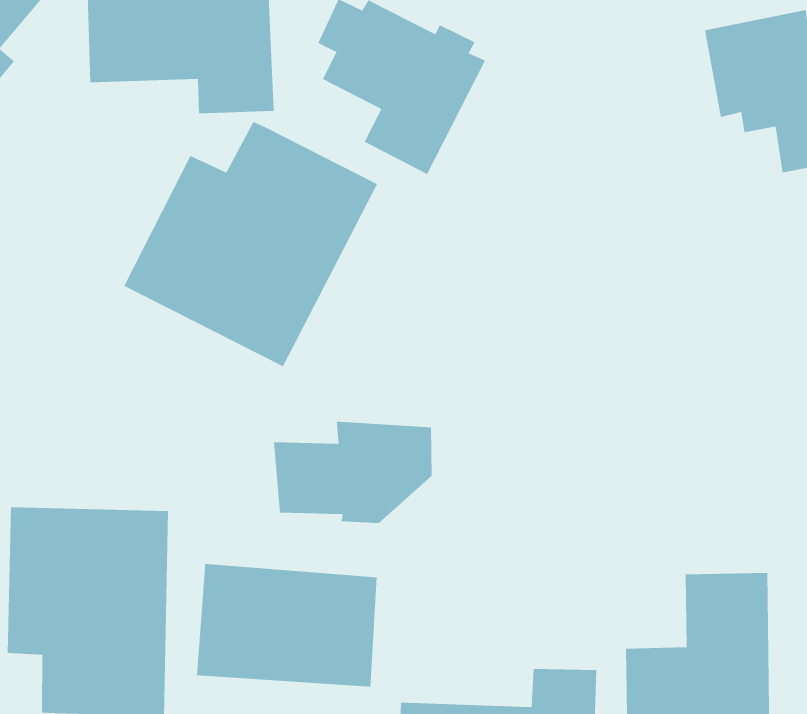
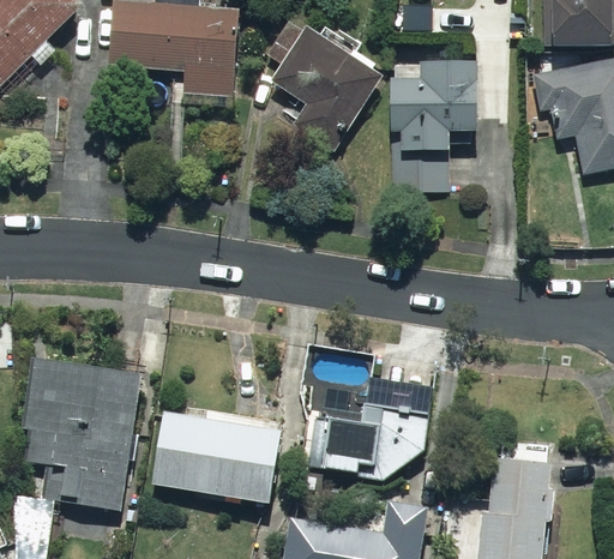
building: none -> [391,61,511,190]
building: [124,121,378,367] -> none
building: [273,421,432,524] -> [319,405,429,479]

